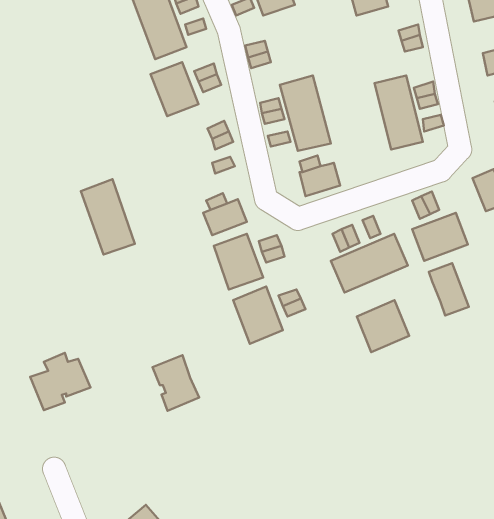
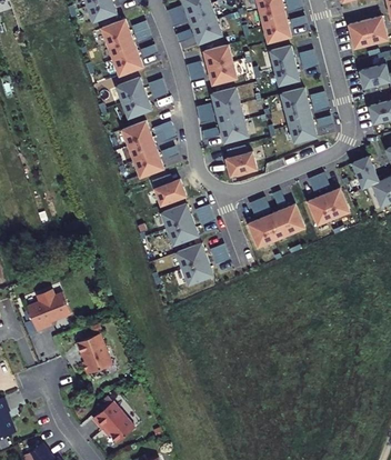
building: none -> [203,44,237,83]
building: none -> [270,44,300,84]
building: [81,179,135,254] -> [123,120,163,176]
building: [429,263,469,316] -> none
building: [357,300,409,352] -> none
building: [152,355,199,411] -> [76,336,110,377]

